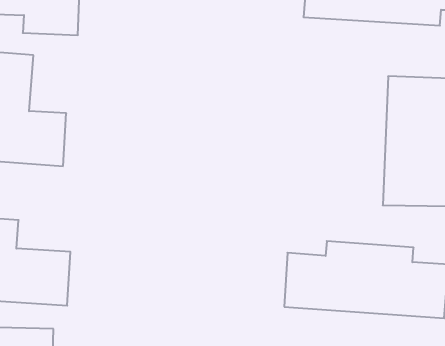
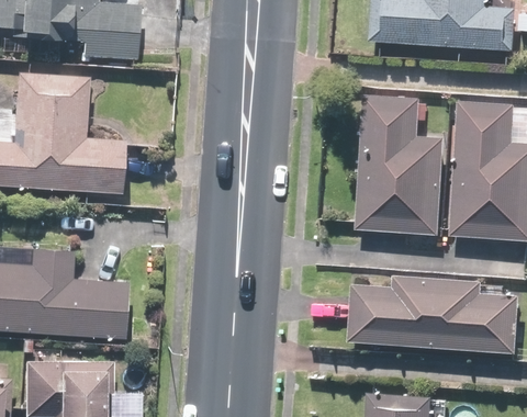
building: none -> [356,93,442,232]

